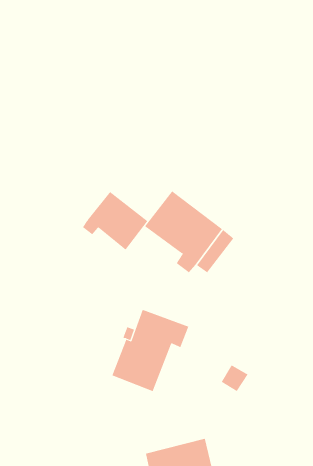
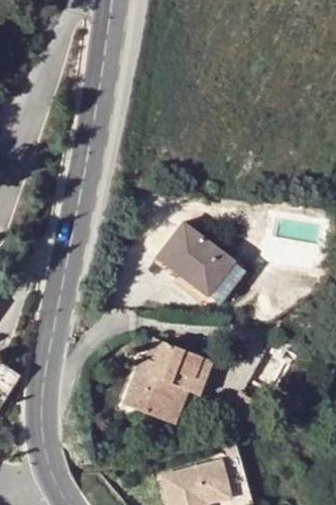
building: [82,191,148,250] -> none
building: none -> [166,356,213,423]

